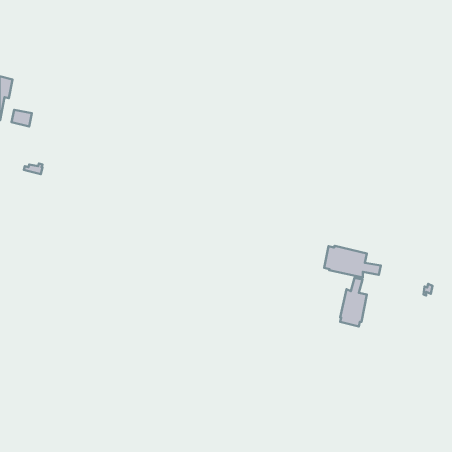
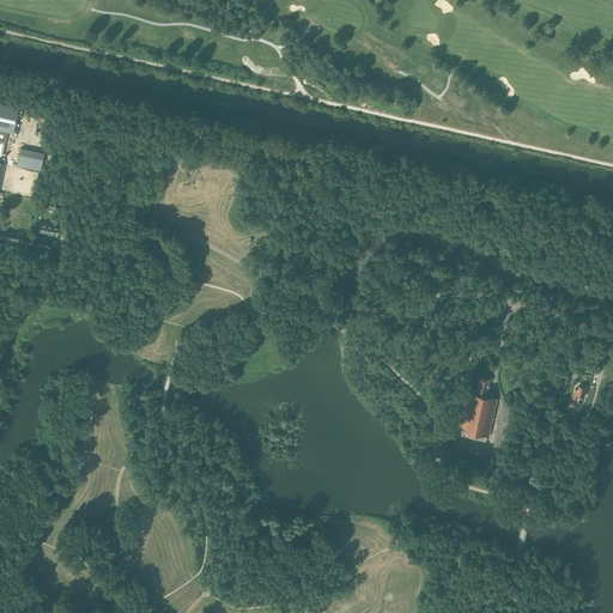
building: [324,246,381,277] -> none

